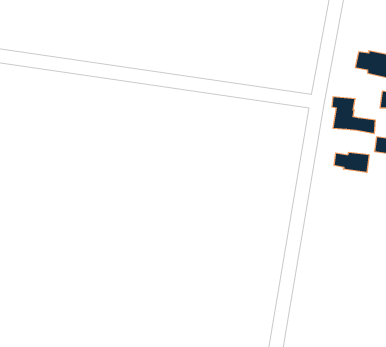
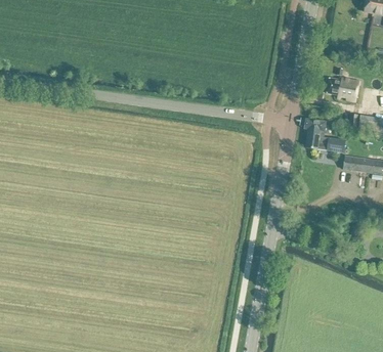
building: [334,152,369,173] -> none

